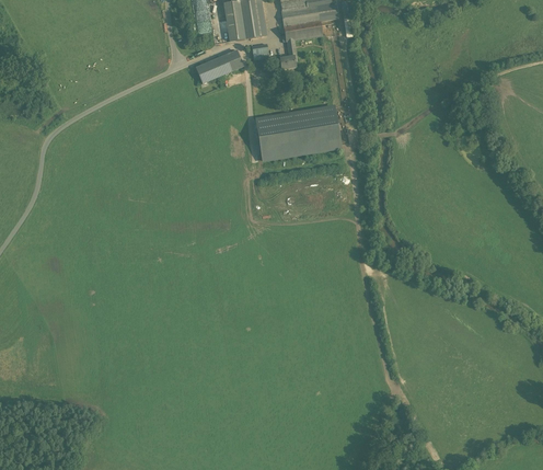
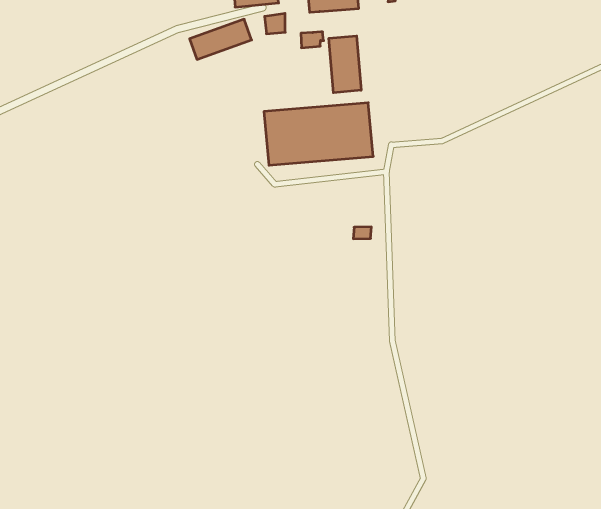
building: none -> [329,36,361,93]

